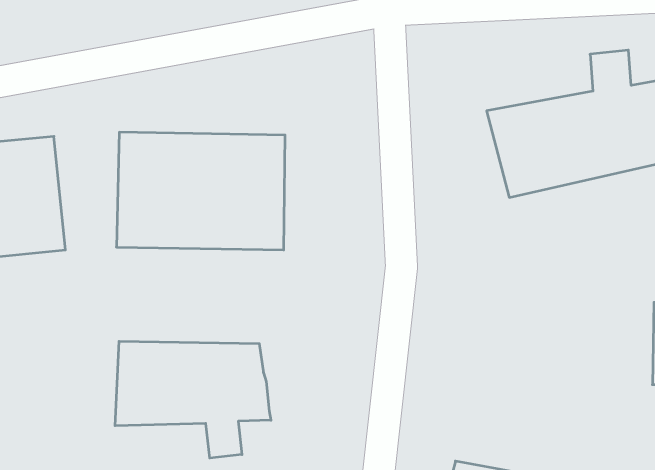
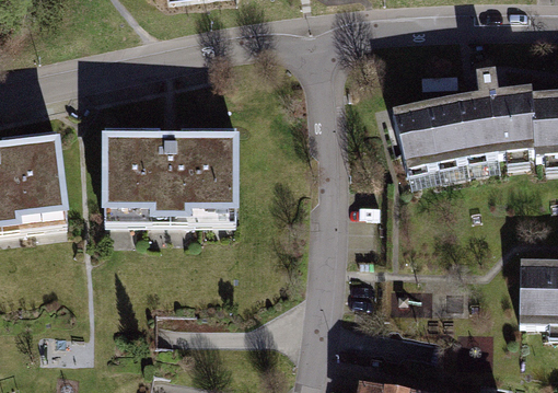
building: [115,341,271,458] -> none

